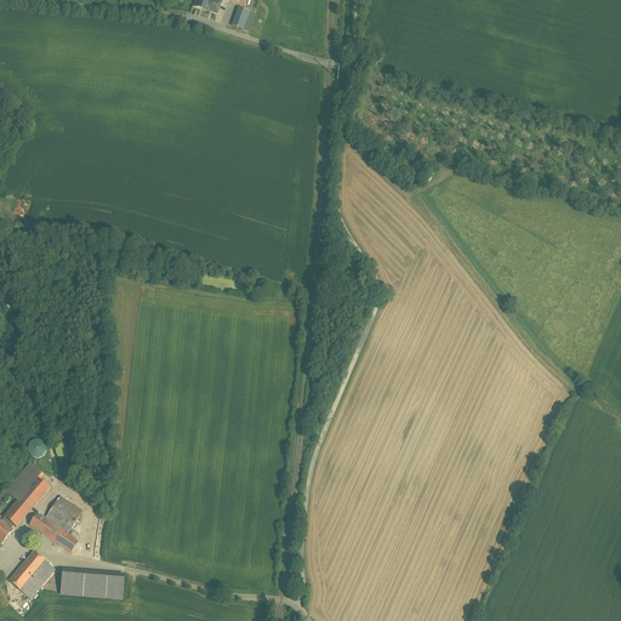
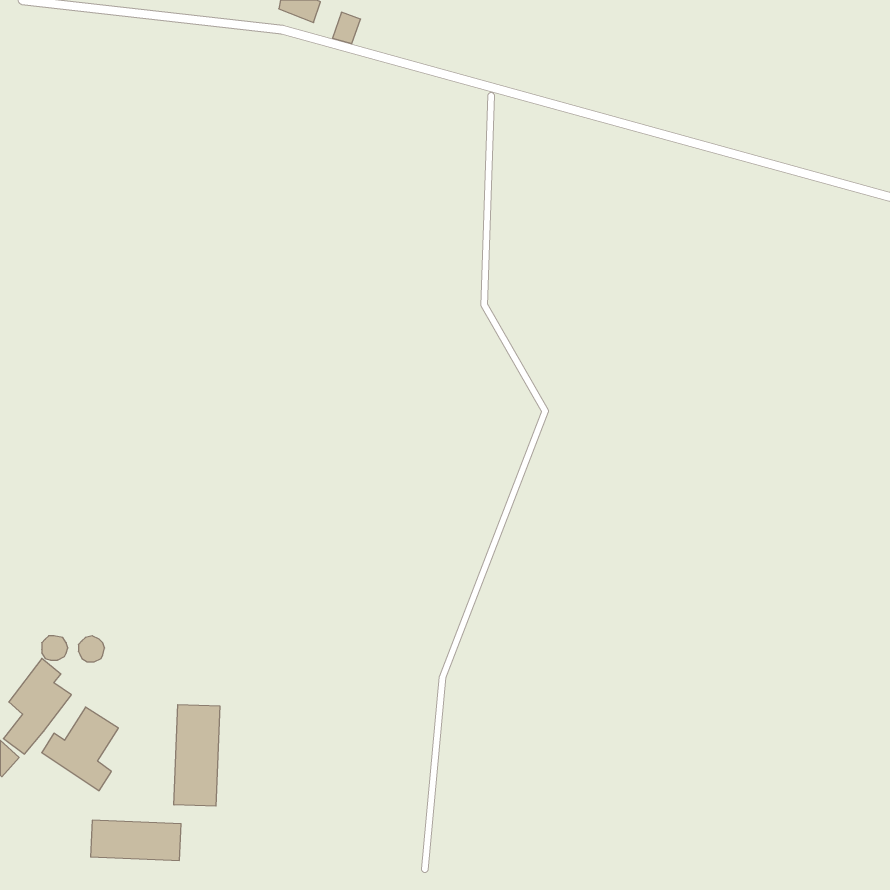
building: none -> [174,705,220,806]
building: [8,551,58,602] -> none

